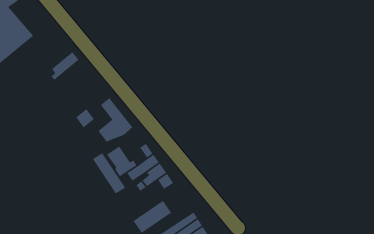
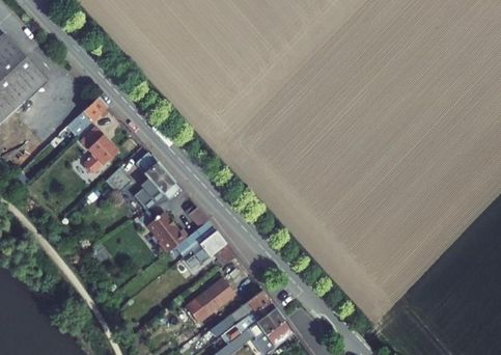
building: none -> [80,128,117,173]
building: [92,152,126,195] -> none

